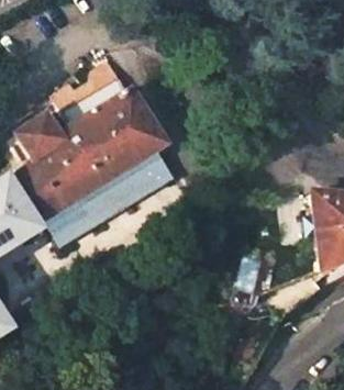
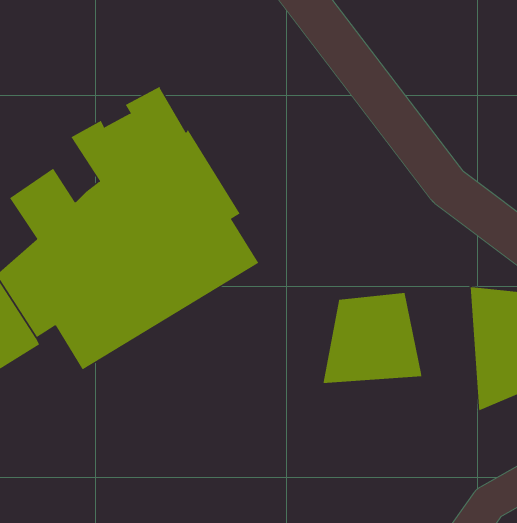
building: none -> [323,292,422,384]

